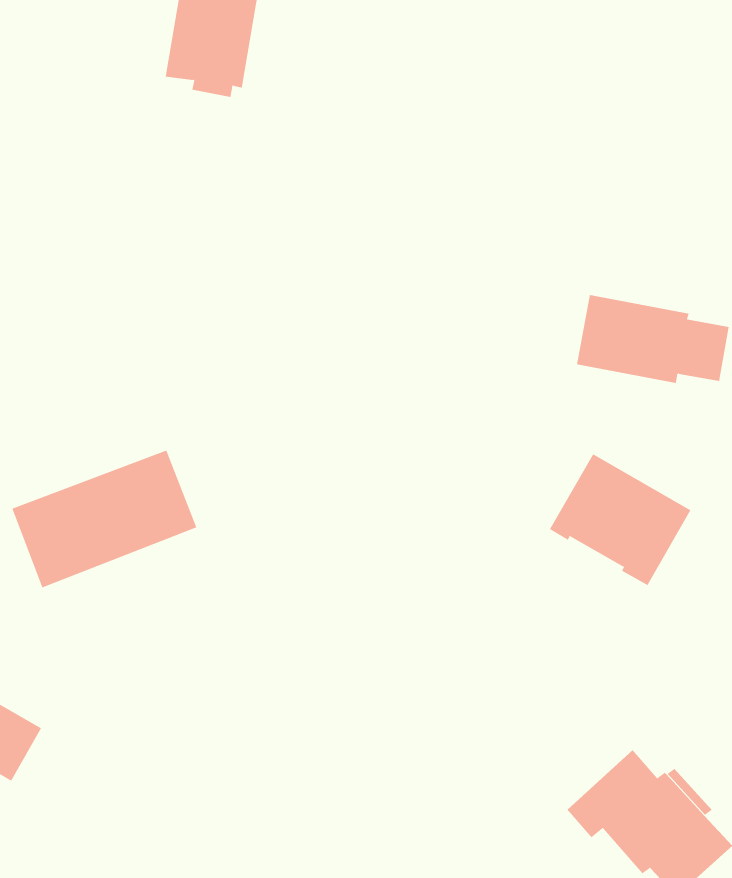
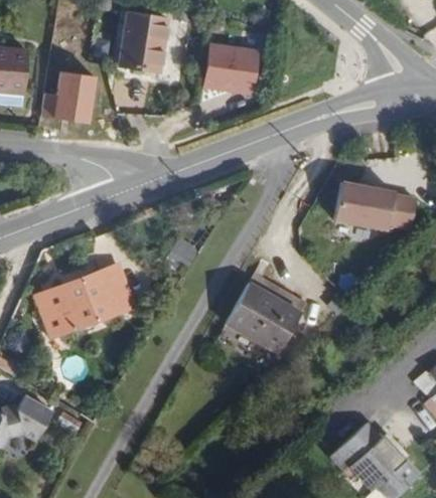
building: none -> [199,42,256,96]
building: none -> [50,70,99,129]
building: [549,453,691,586] -> [226,282,301,352]

